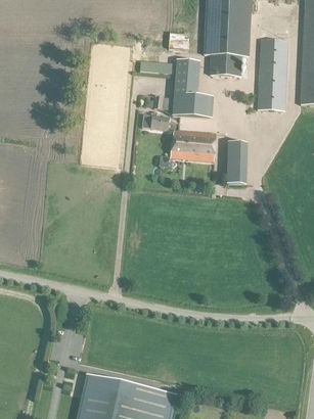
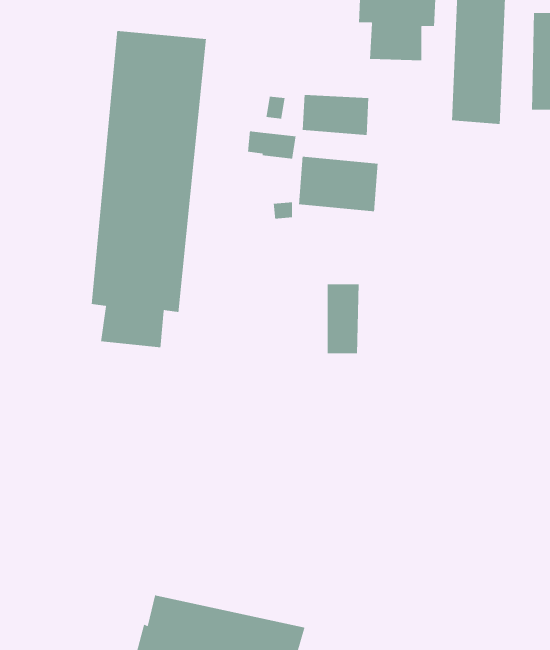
building: [174,57,200,93] -> none
building: none -> [91,30,207,348]
building: [224,141,242,181] -> [327,283,360,354]

